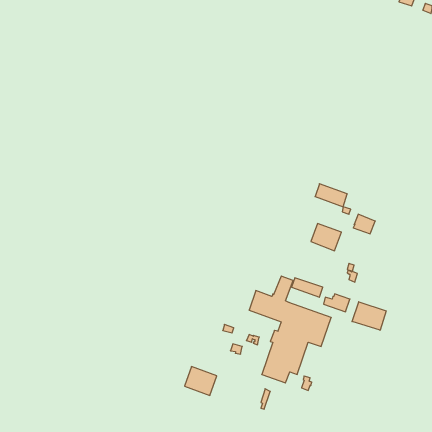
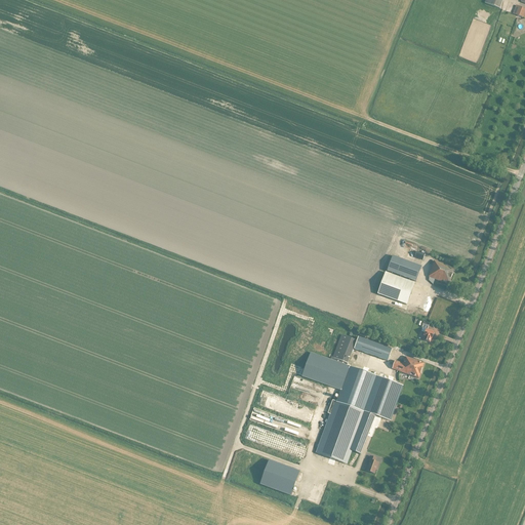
building: [315,184,347,207] -> [381,253,420,281]
building: [352,302,386,330] -> none
building: [185,367,217,395] -> [259,459,298,494]

